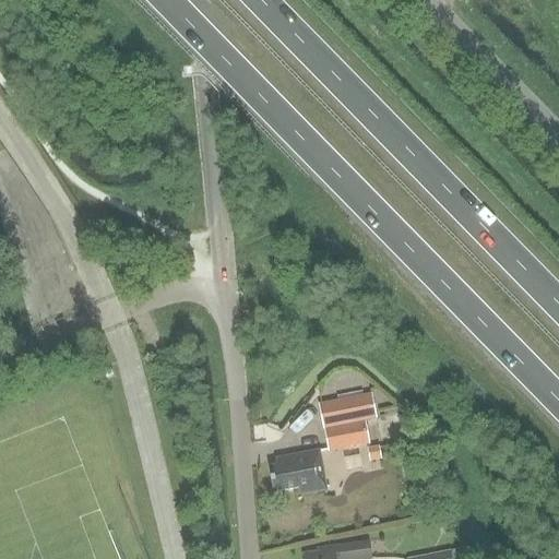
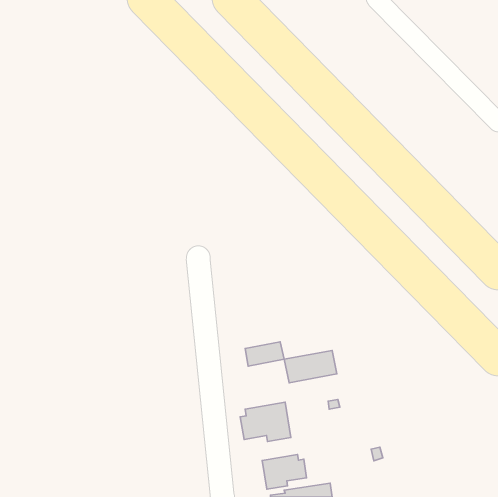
building: [324,421,368,449] -> [245,342,284,366]
building: none -> [262,455,307,489]

